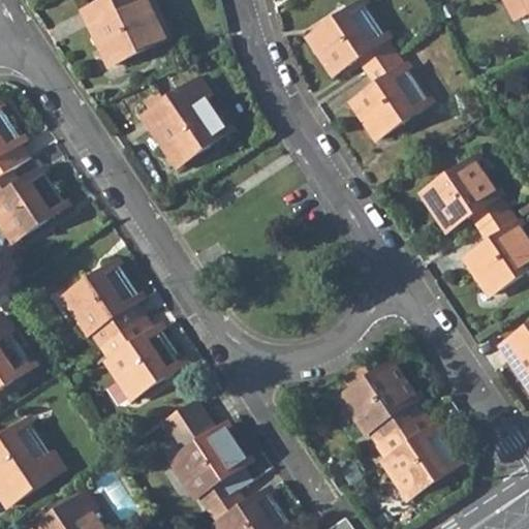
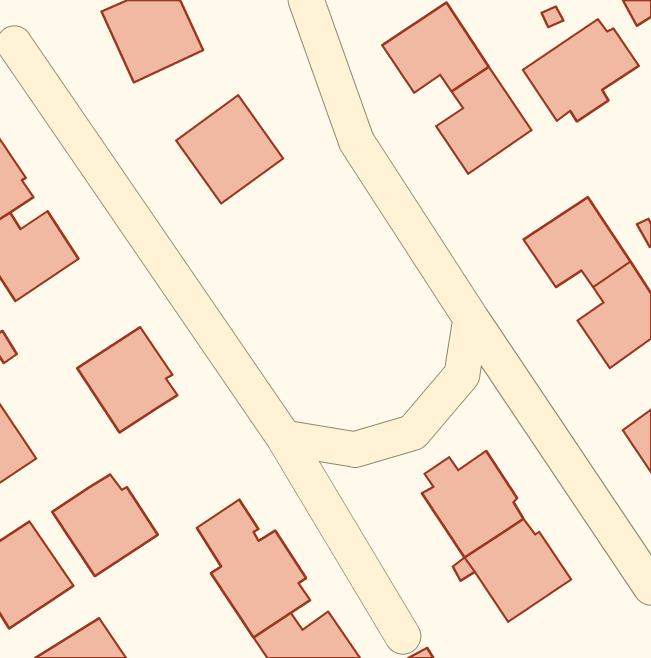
building: none -> [523,19,639,121]
building: [96,317,181,399] -> [52,474,158,576]

